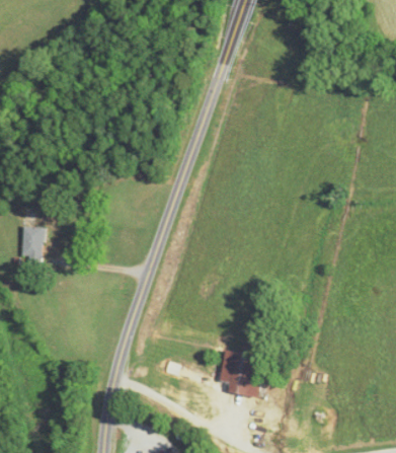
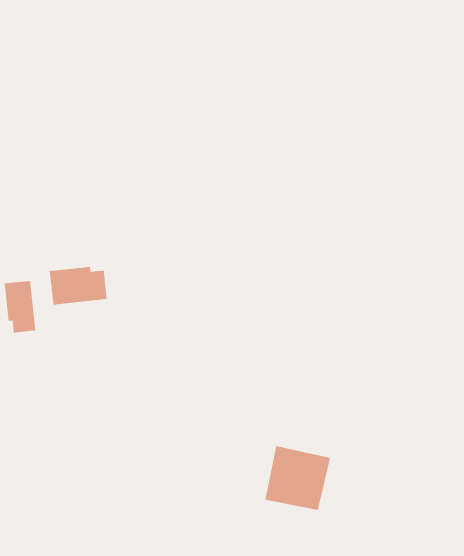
building: none -> [49,266,107,305]

